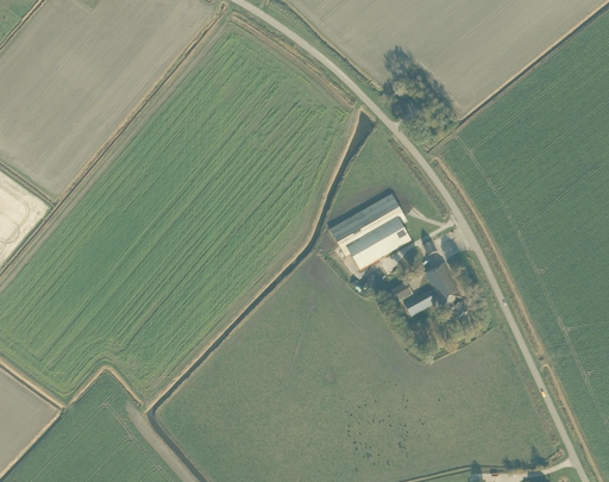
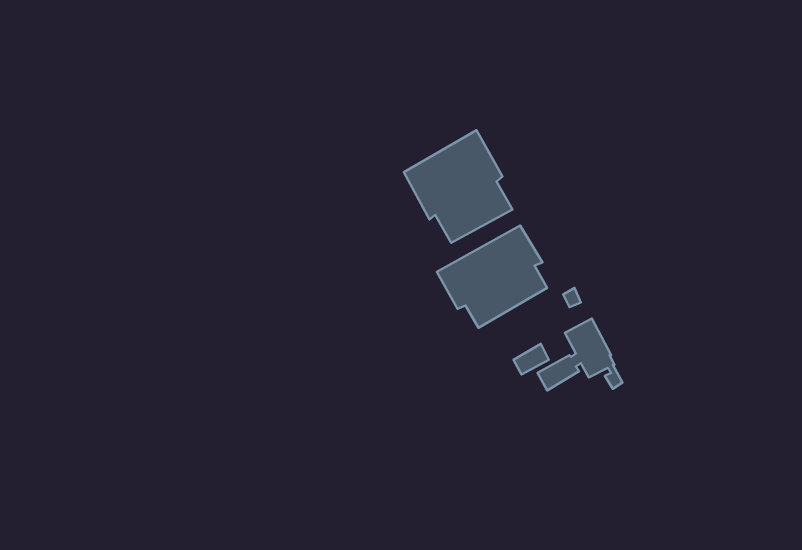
building: none -> [404,130,512,243]

